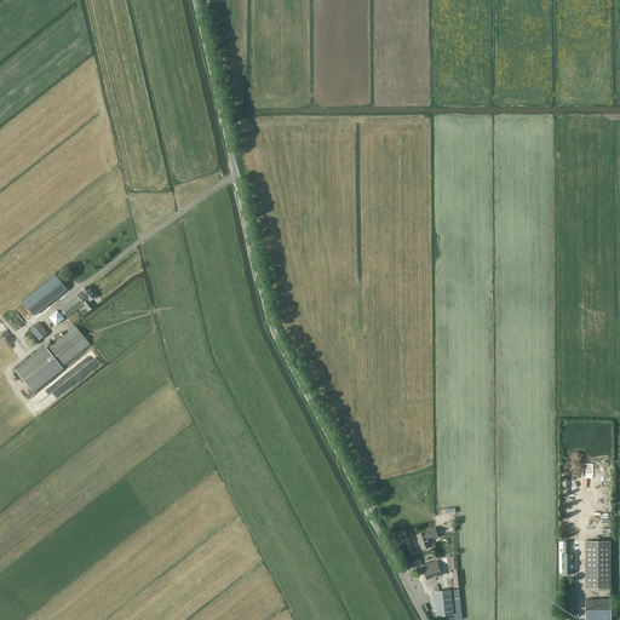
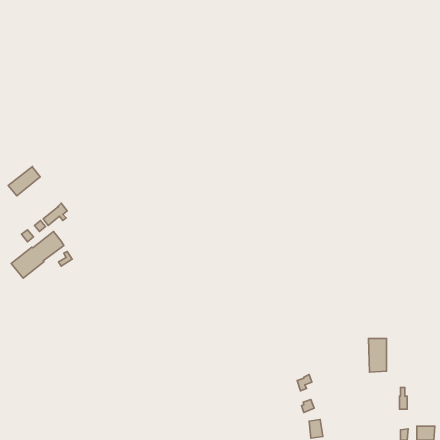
building: [22,275,67,316] -> [8,166,40,196]
building: [585,541,610,589] -> [369,338,387,372]

